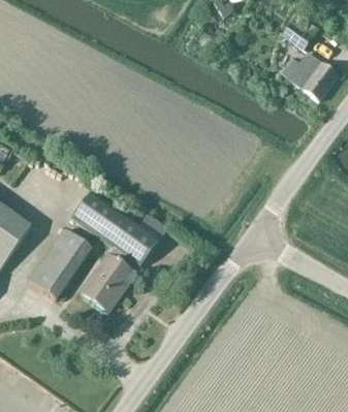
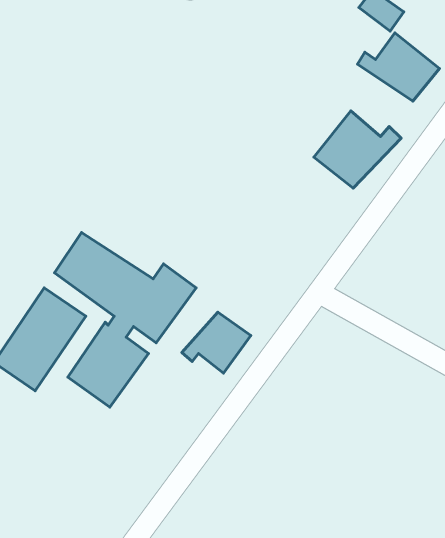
building: none -> [314,111,401,188]
building: none -> [182,312,251,373]

